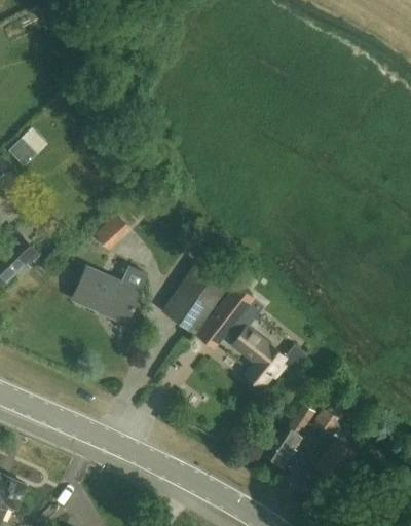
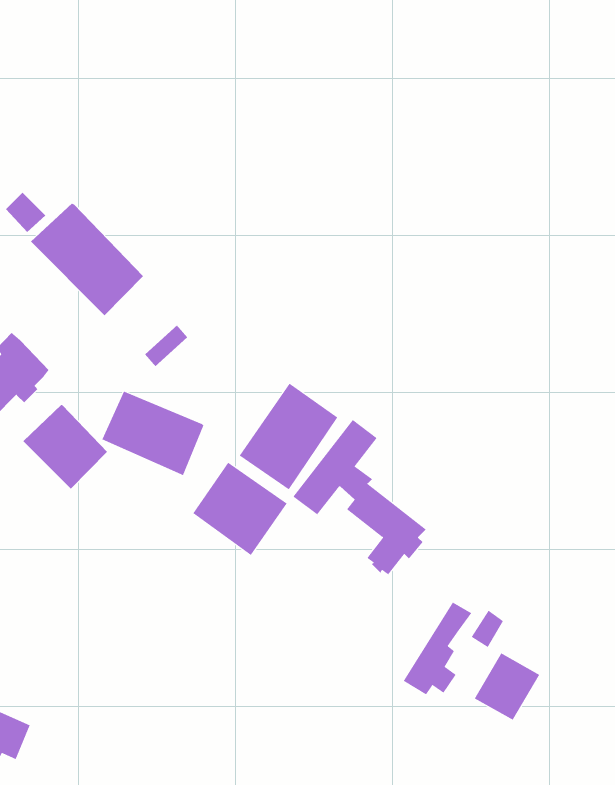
building: none -> [30,203,144,316]
building: none -> [23,404,108,489]
building: none -> [193,462,288,556]

